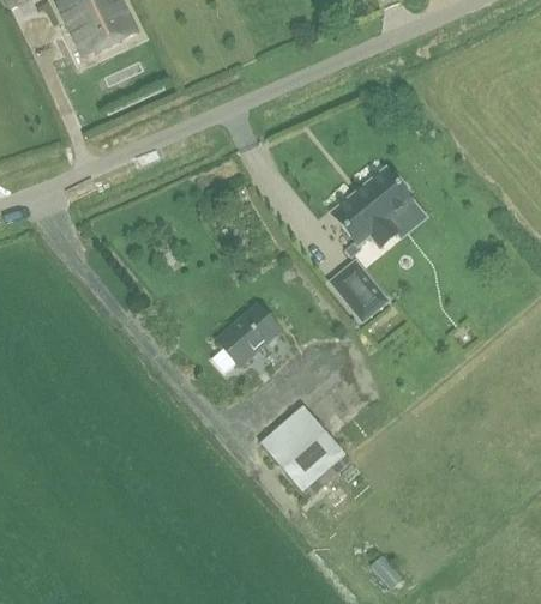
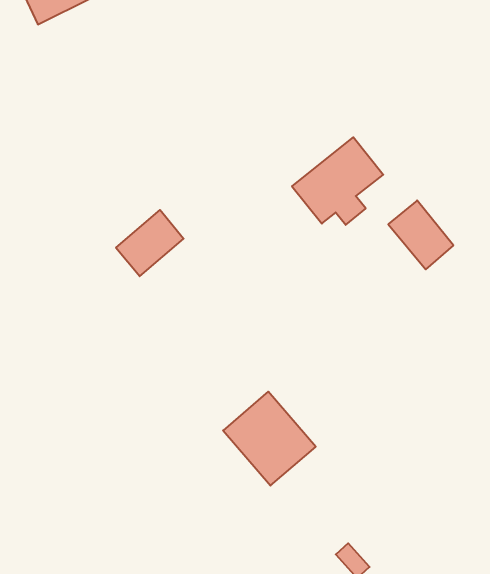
building: [326,255,389,321] -> [388,200,453,269]
building: [216,304,281,368] -> [116,210,184,276]

